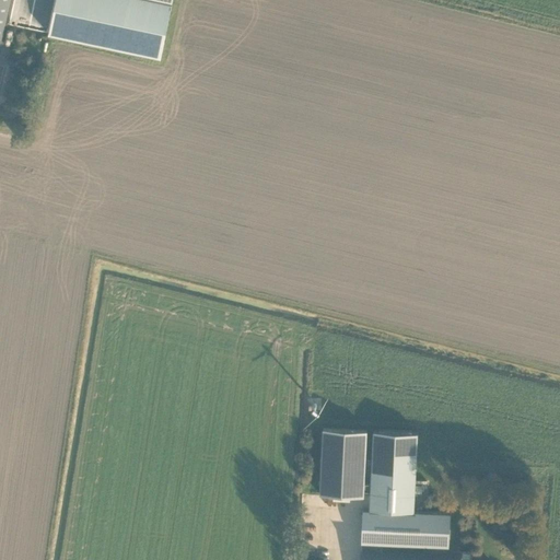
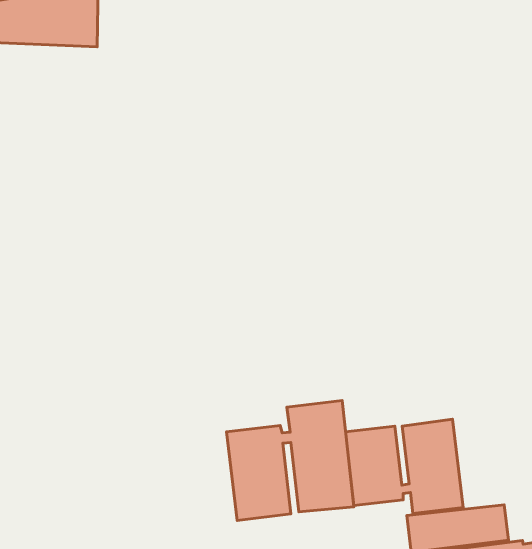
building: none -> [226,401,354,520]

